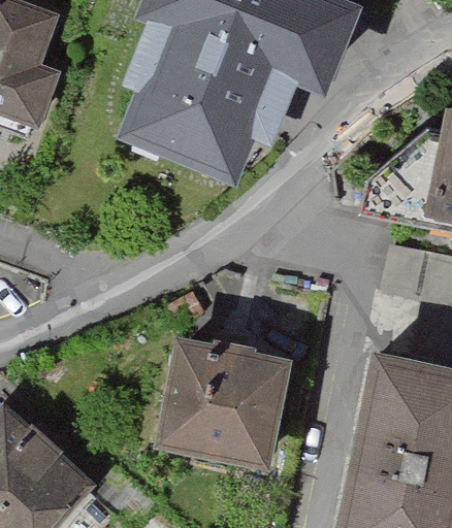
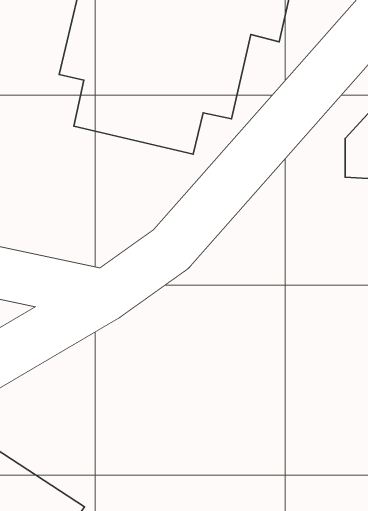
building: [159,340,287,465] -> none

